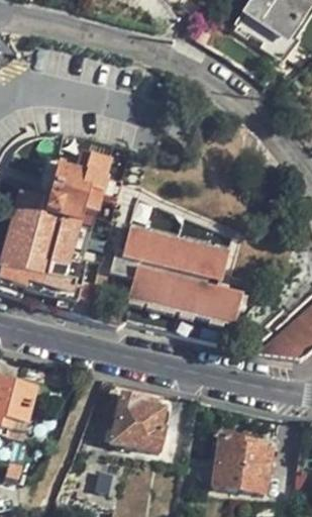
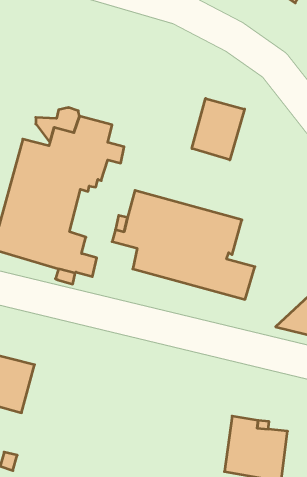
building: none -> [192,98,245,160]
building: [105,390,166,451] -> none

